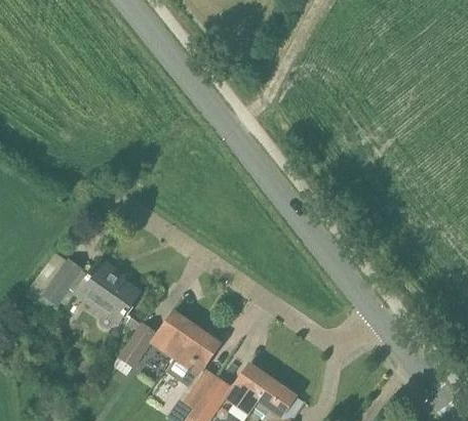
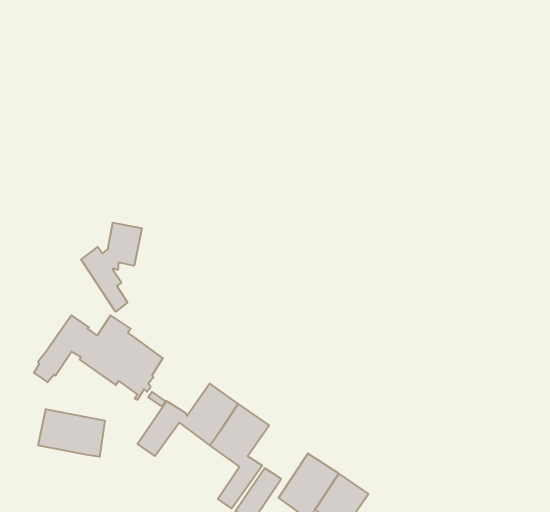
building: none -> [81,223,142,312]
building: none -> [38,409,105,457]

